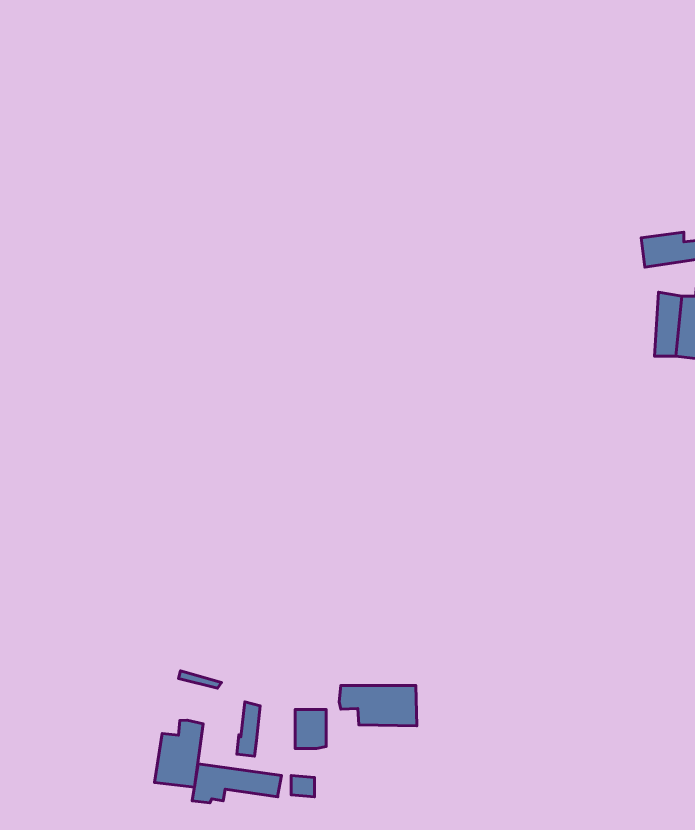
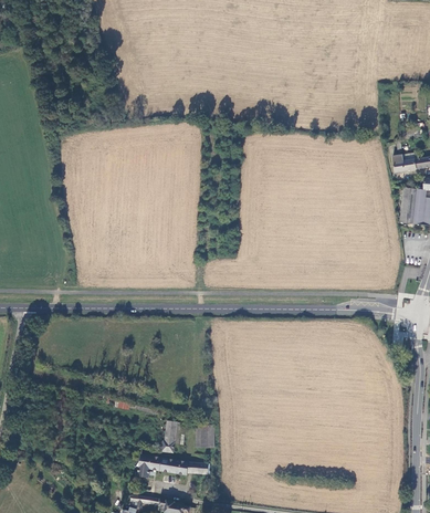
building: [339,686,417,726] -> none
building: [154,720,203,787] -> none

